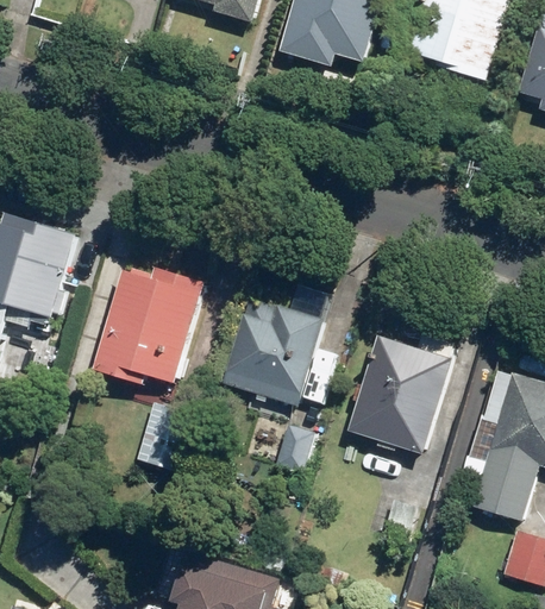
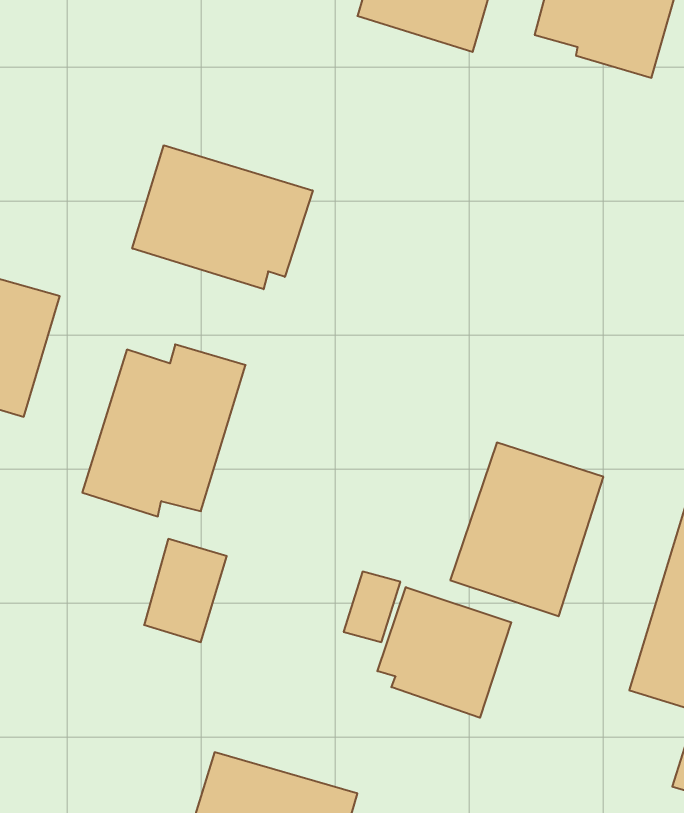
building: none -> [132,145,313,289]
building: [221,296,325,407] -> none
building: none -> [377,587,511,718]

